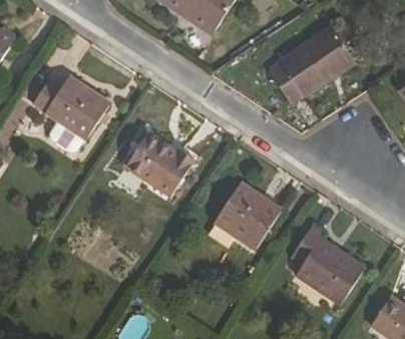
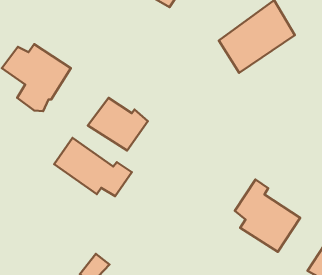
building: none -> [54,138,132,196]
building: [209,183,278,249] -> none

